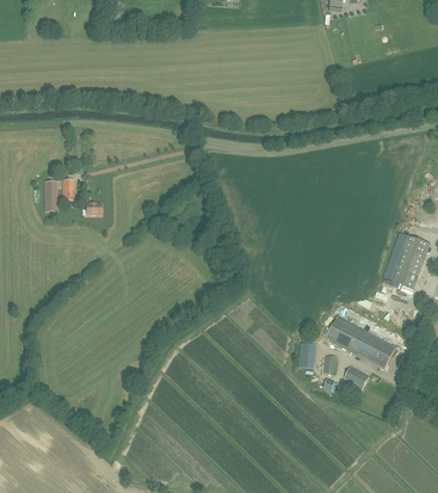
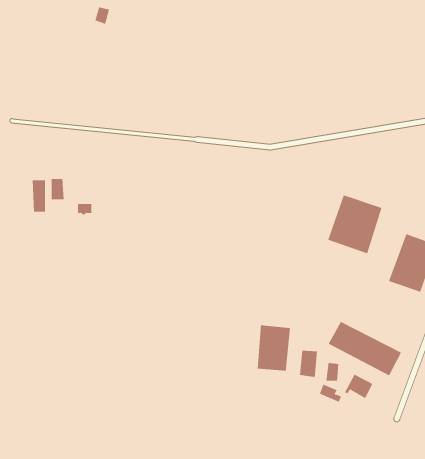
building: none -> [328,195,382,254]
building: none -> [257,325,291,372]

